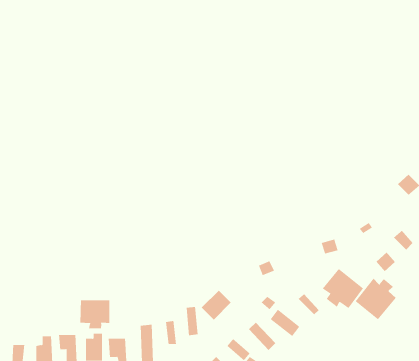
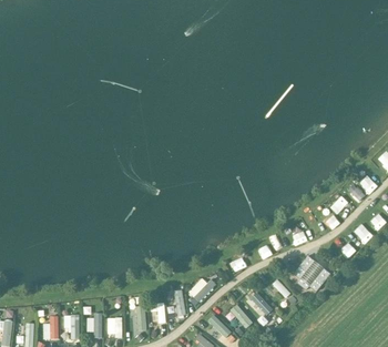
building: [355,278,397,320] -> none
building: [80,299,110,329] -> none

